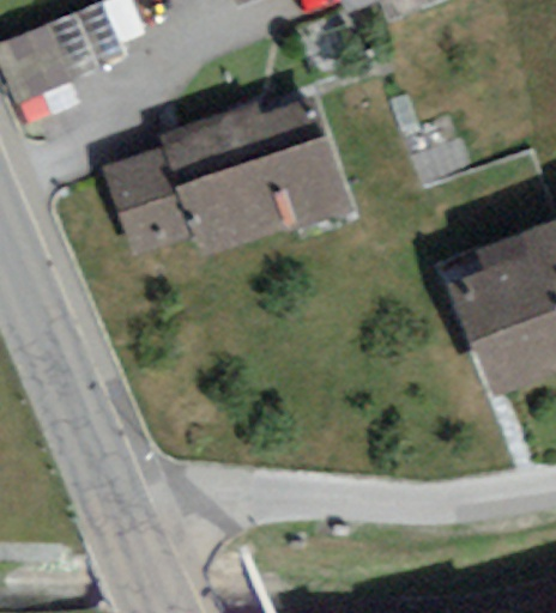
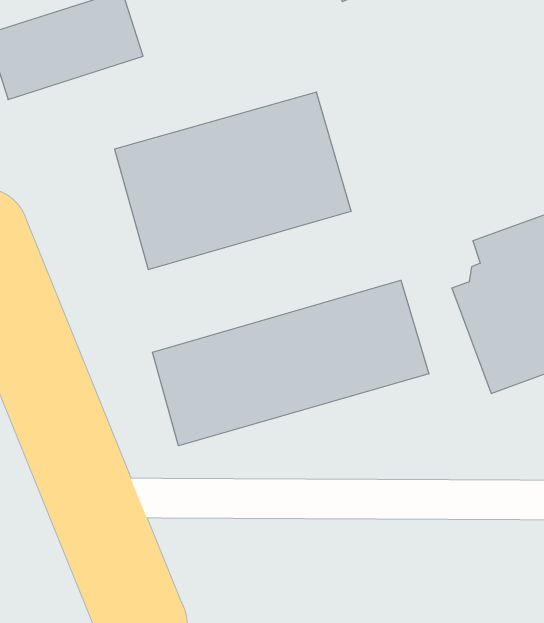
building: none -> [153,280,429,446]

